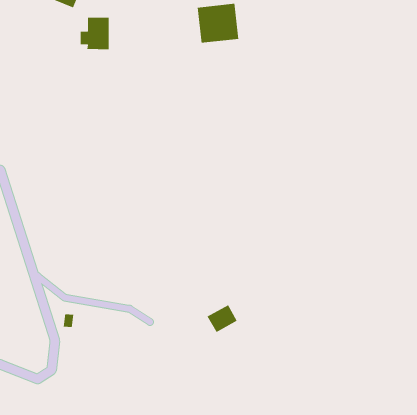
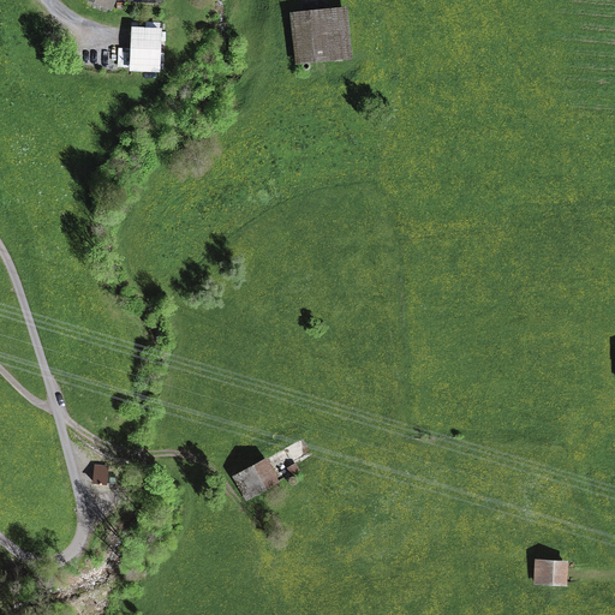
building: [206,304,237,333] -> [233,455,279,497]
building: none -> [535,557,567,583]

